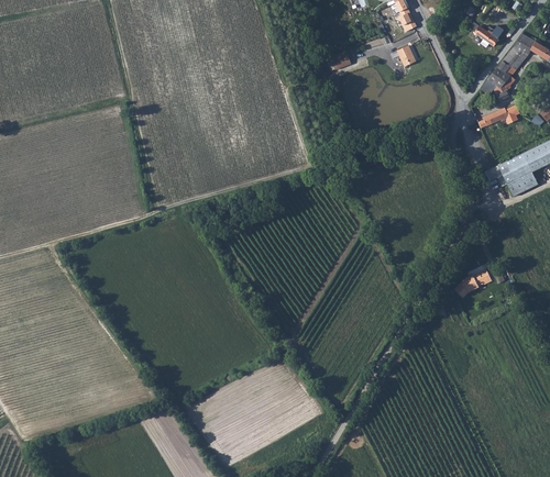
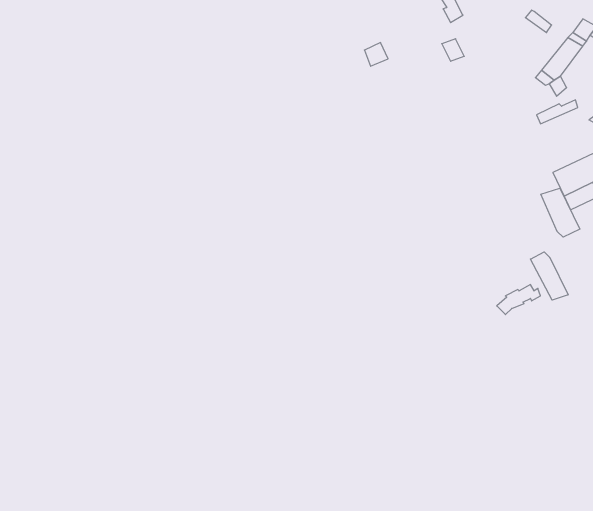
building: none -> [541,188,580,237]
building: none -> [530,252,568,300]

